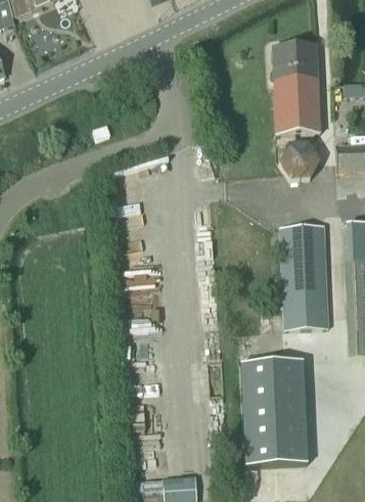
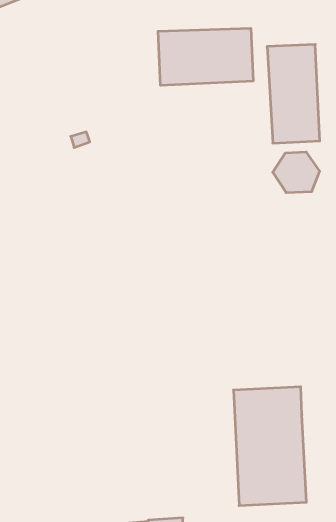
building: none -> [158,28,253,85]
building: [280,225,328,327] -> none

